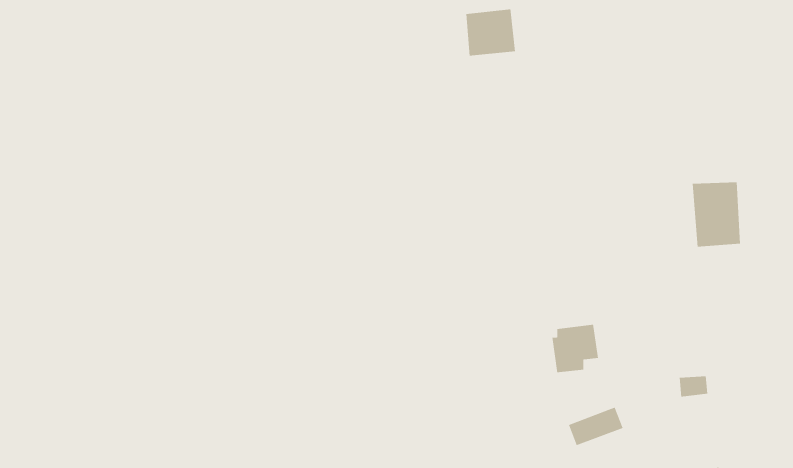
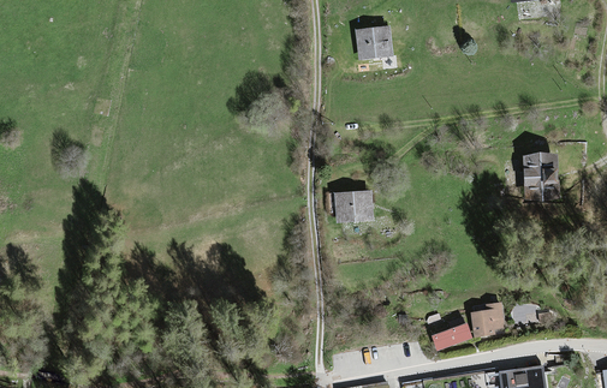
building: none -> [334,189,374,225]
building: [551,324,599,373] -> [471,300,506,336]

